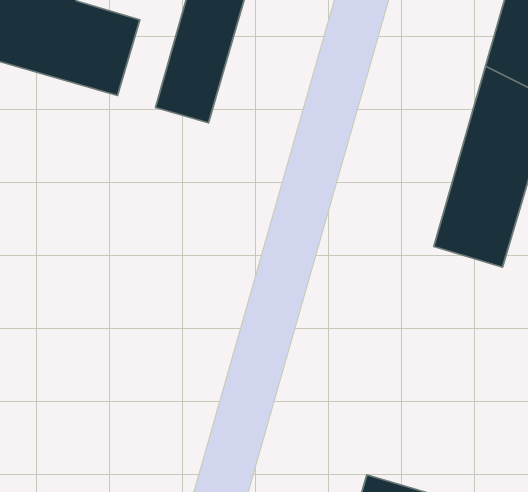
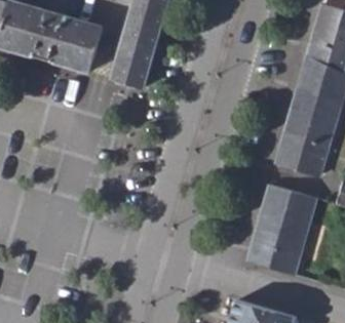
building: none -> [250,183,318,275]

